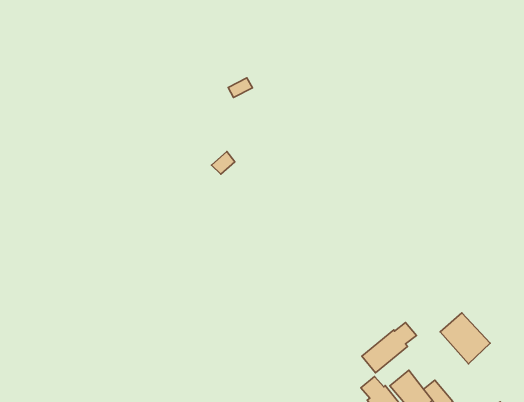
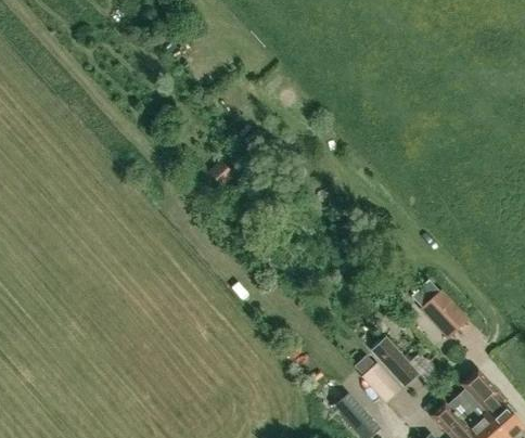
building: [362,323,416,373] -> none

